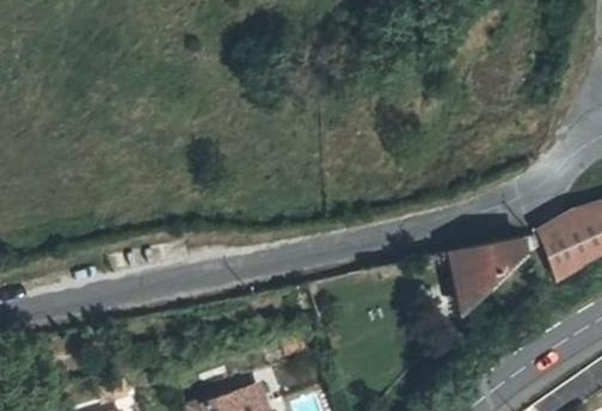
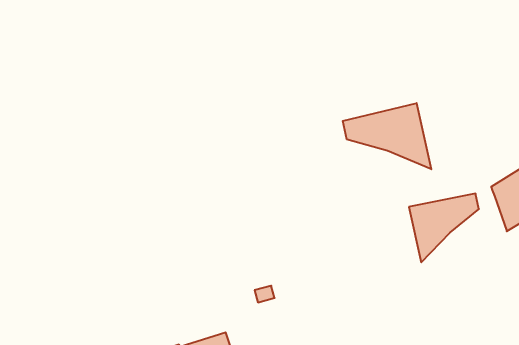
building: none -> [343,103,431,169]

